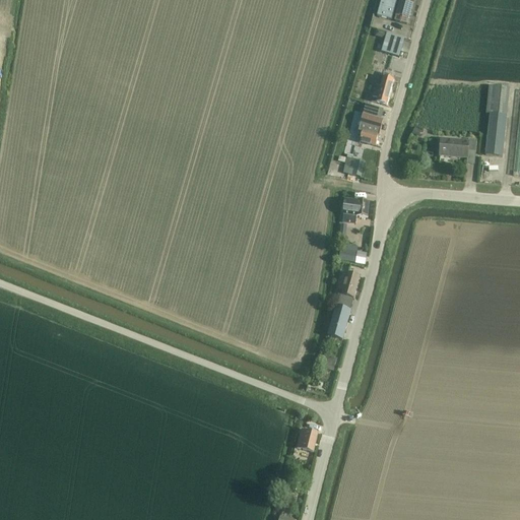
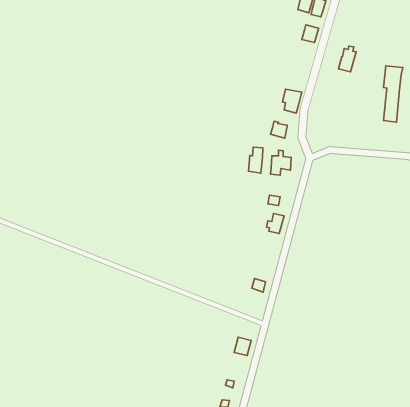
building: [371,70,393,103] -> [338,46,356,72]
building: [440,136,476,155] -> none
building: none -> [248,147,263,173]
building: [327,305,350,337] -> none

